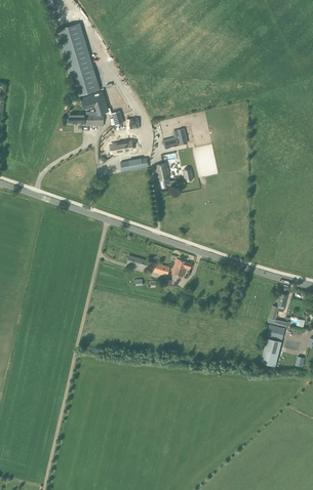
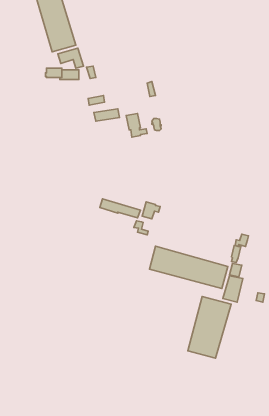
building: none -> [150,246,228,288]
building: none -> [188,297,231,358]

